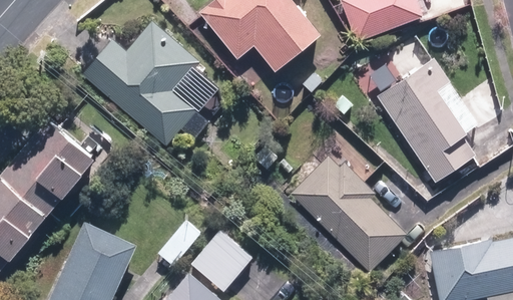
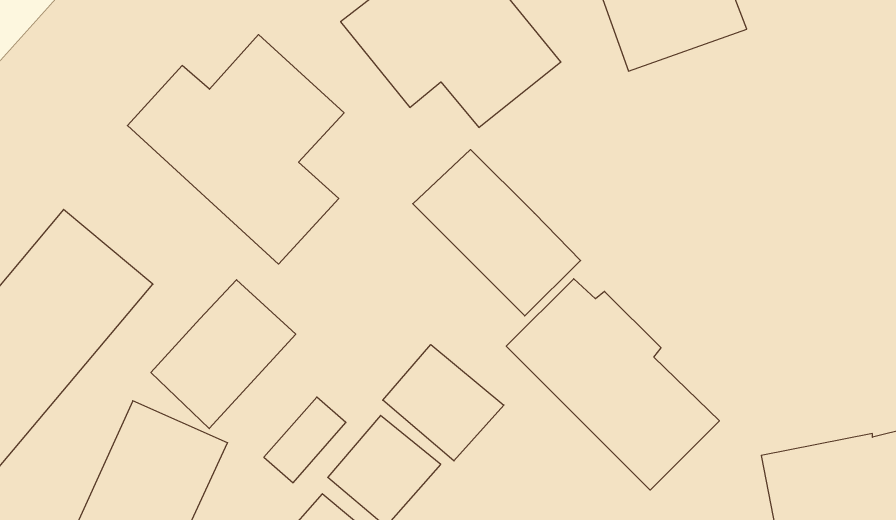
building: [377,57,479,184] -> none
building: none -> [413,150,581,316]
building: none -> [151,280,296,429]
building: none -> [383,345,504,461]

